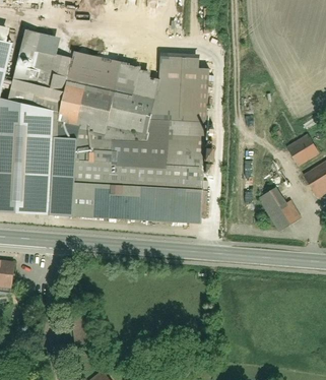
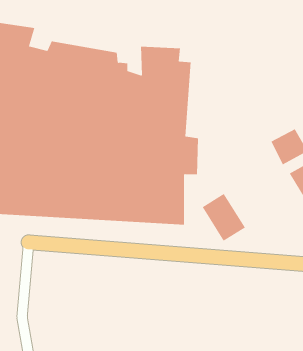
building: [255,186,297,232] -> [202,193,246,242]

